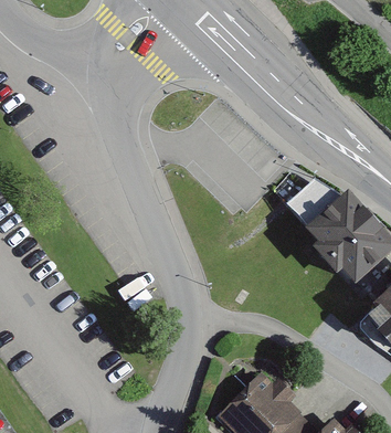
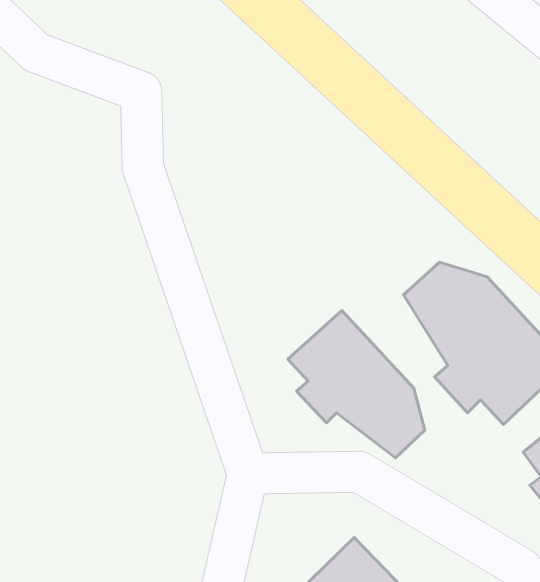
building: none -> [288,311,425,458]

